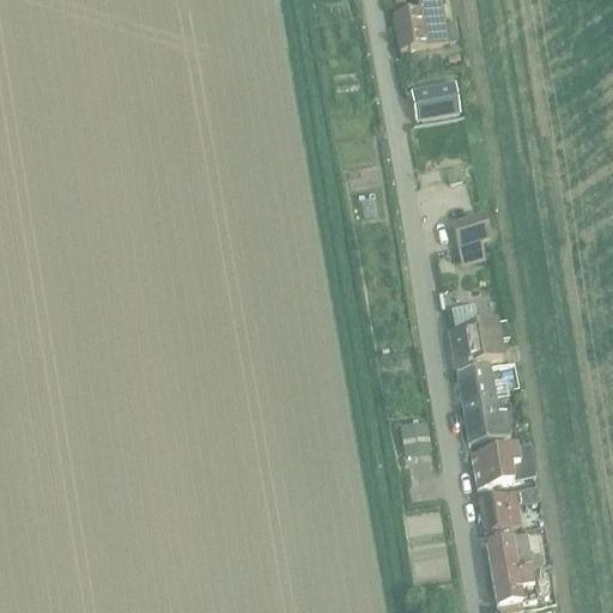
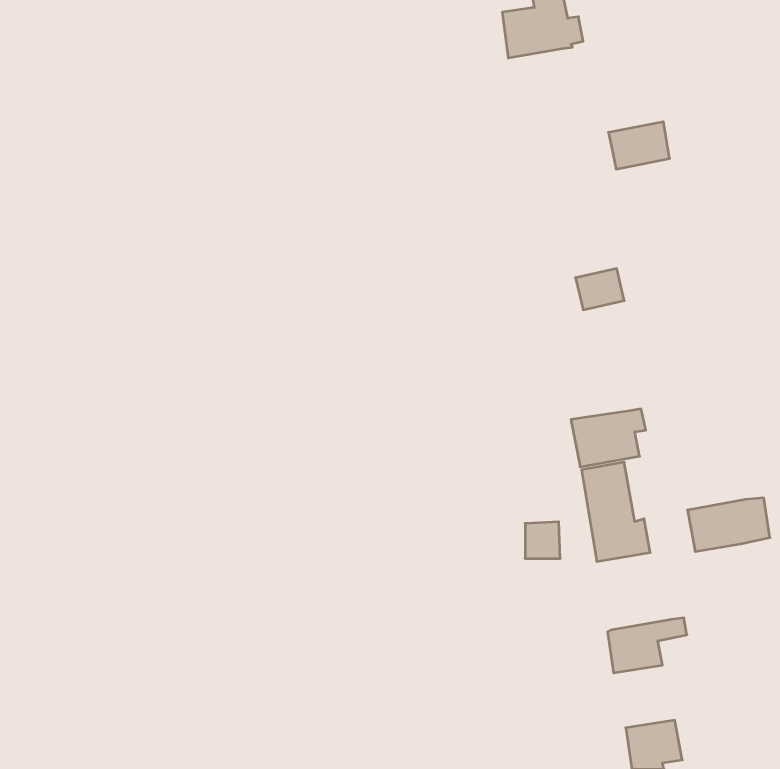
building: [411,78,459,115] -> [608,122,670,169]
building: [469,443,534,485] -> [687,498,770,551]
building: [485,532,541,571] -> none

